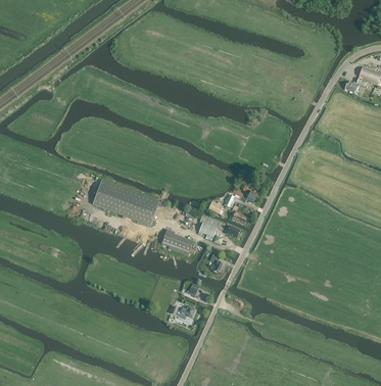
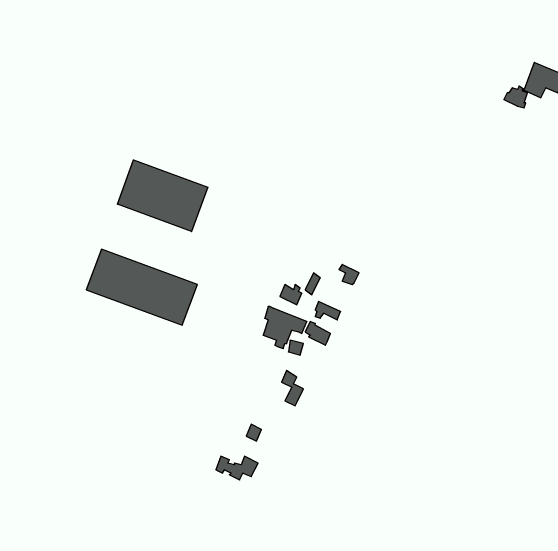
building: none -> [117,160,208,232]
building: [161,229,193,255] -> none

